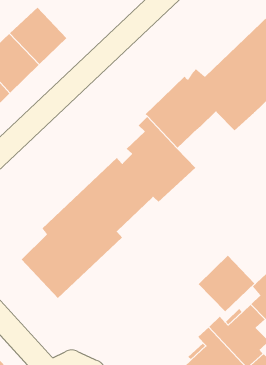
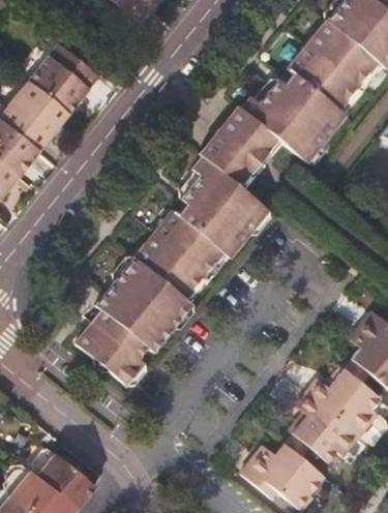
building: [198,255,255,312] -> none

